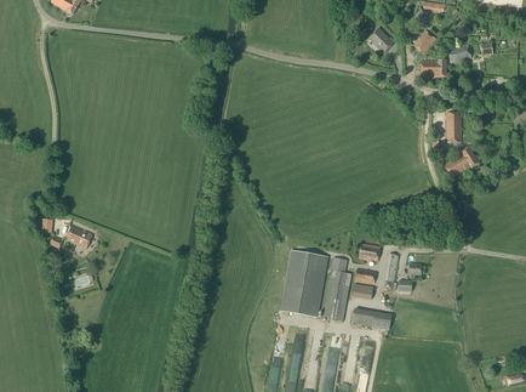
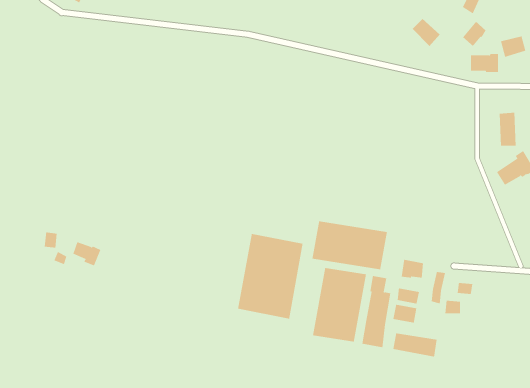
building: none -> [312,221,387,270]
building: none -> [238,233,303,319]

